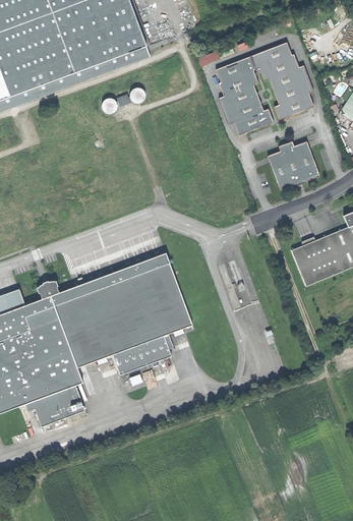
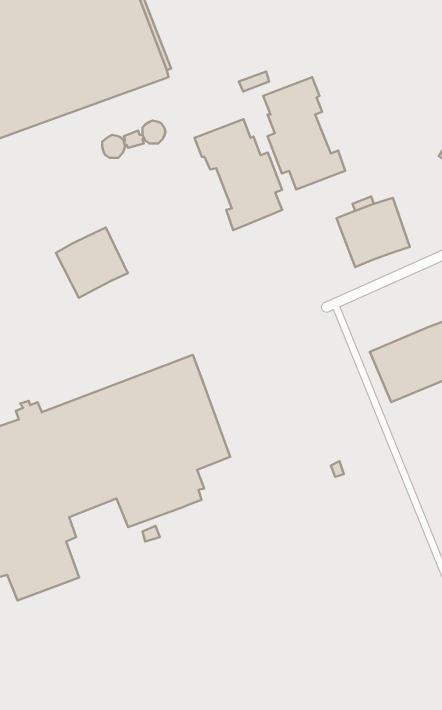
building: [251,41,313,119] -> [194,119,282,230]
building: none -> [56,227,128,298]

